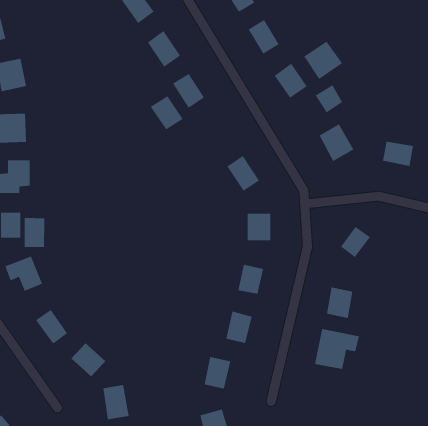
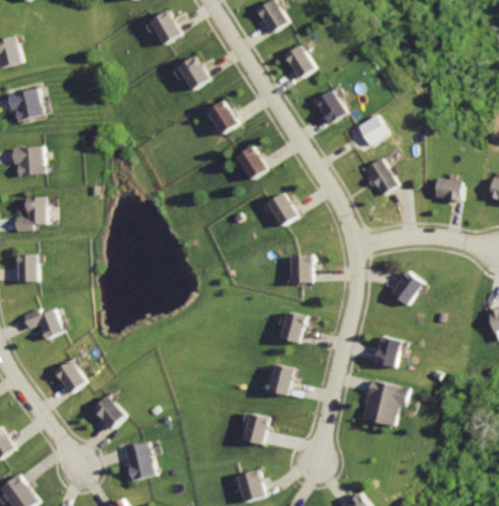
building: [304,41,343,80] -> none
building: [150,96,184,130] -> [232,145,269,182]
building: [24,217,45,248] -> none

